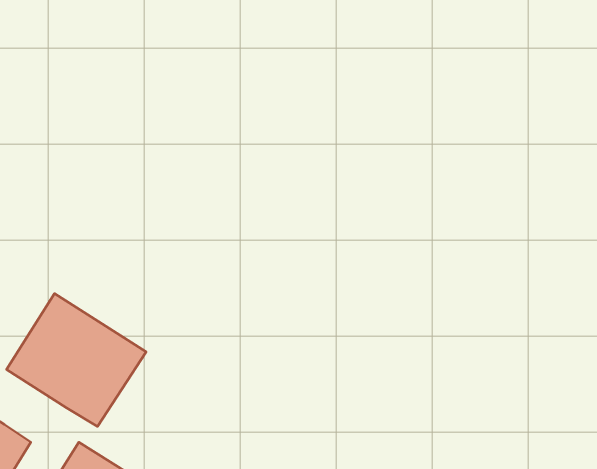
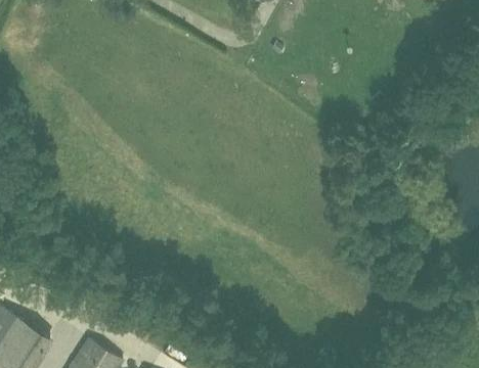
building: [6,294,146,426] -> none

